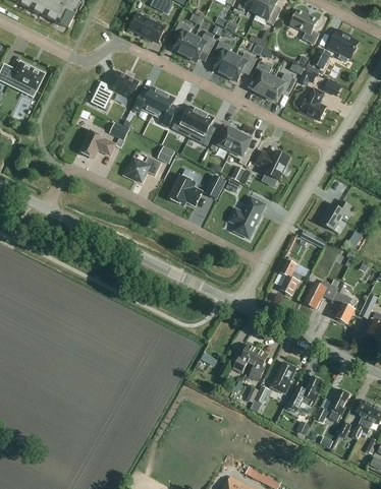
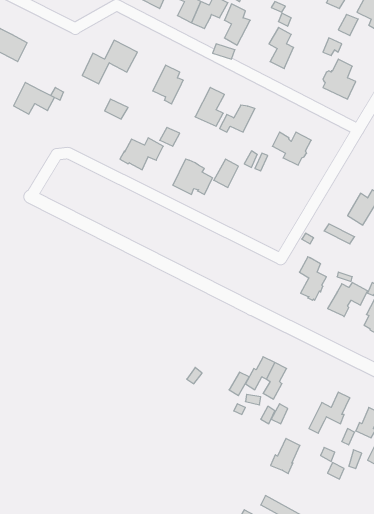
building: [225,52,257,81] -> none
building: [266,72,297,102] -> none
building: [133,86,163,115] -> none
building: [172,106,202,137] -> none
building: [80,130,116,158] -> [14,82,55,114]
building: [229,130,252,166] -> none
building: [230,196,266,238] -> none
building: [270,362,295,392] -> [271,438,300,474]

